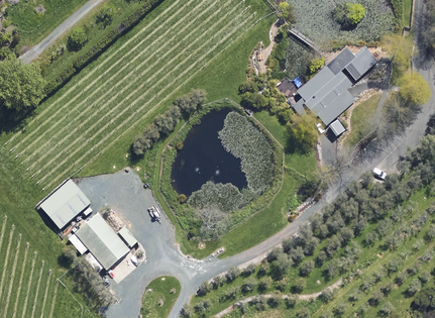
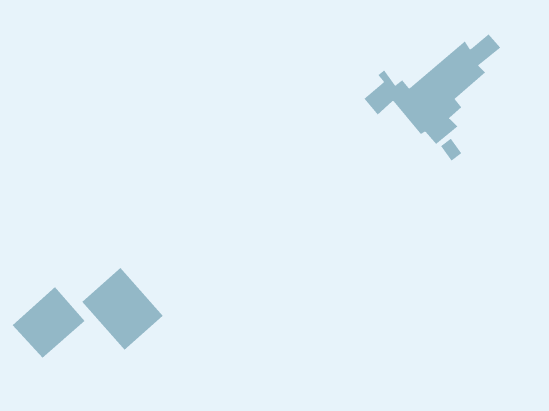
building: [40,176,94,228] -> [12,286,86,358]

